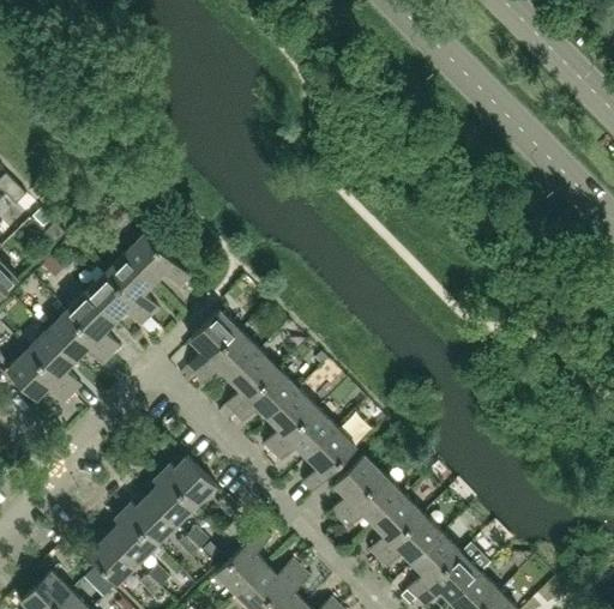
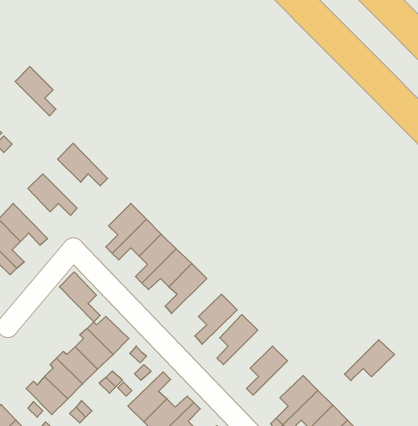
building: [104,253,157,316] -> [15,67,56,116]
building: [66,291,119,356] -> [59,272,100,322]
building: [271,408,336,462] -> none
building: [338,475,402,529] -> none
building: [377,514,441,567] -> [344,340,395,381]

